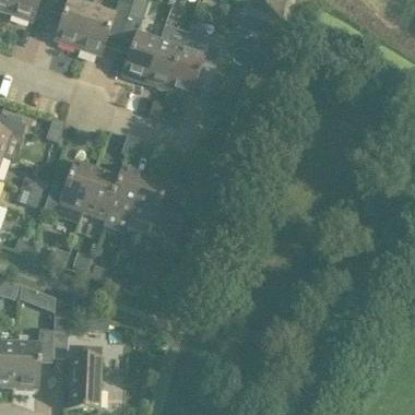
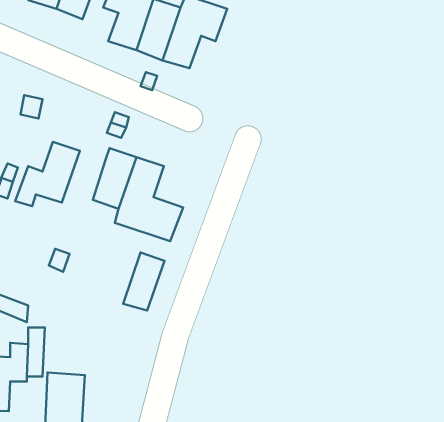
building: [81,166,118,218] -> none
building: none -> [123,253,165,310]

